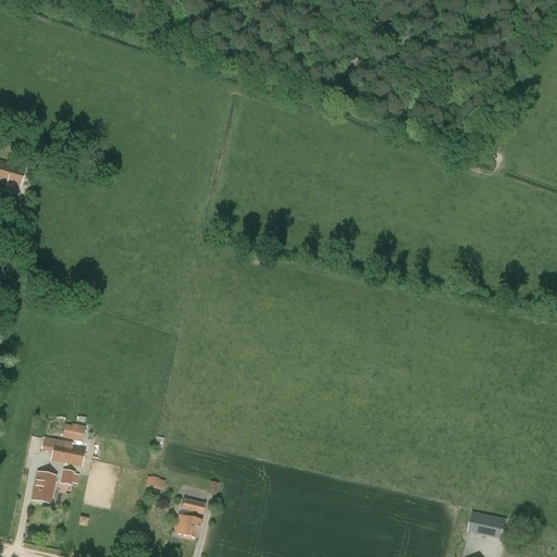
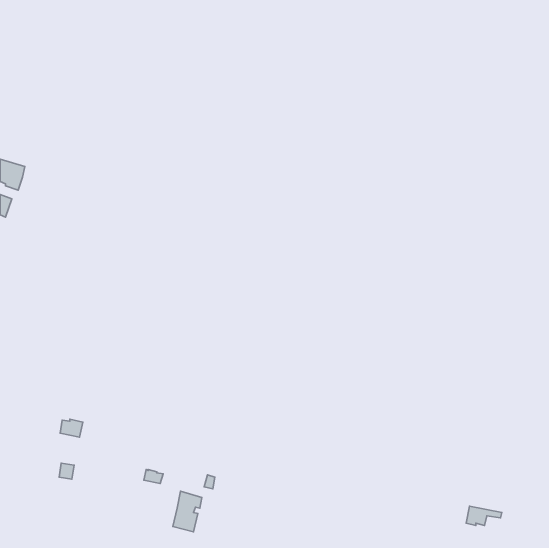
building: [41,437,85,467] -> none
building: [32,472,55,504] -> none

